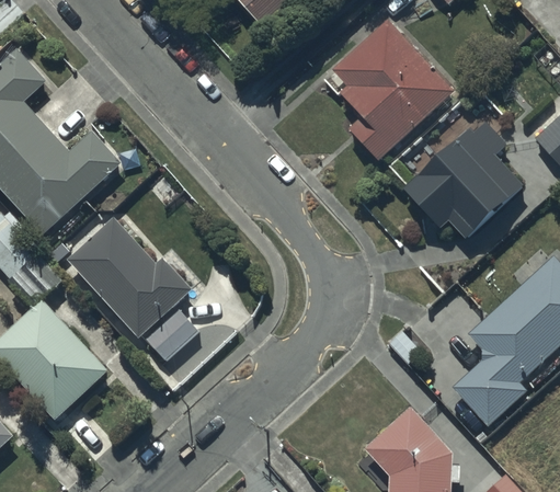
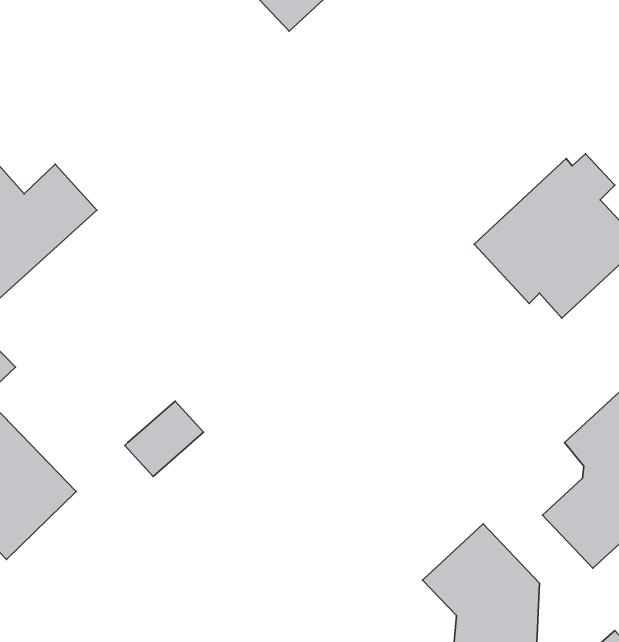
building: [333,21,454,161] -> none
building: [69,219,191,337] -> none

